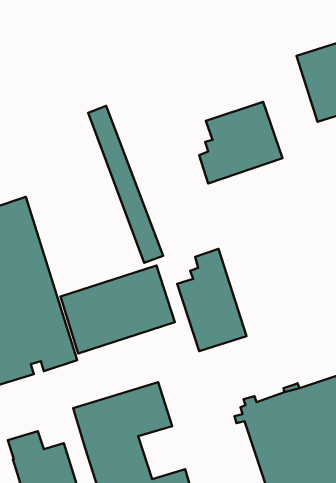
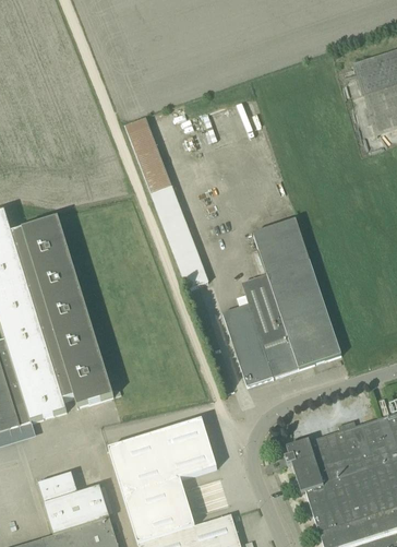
building: [199,102,282,183] -> none
building: none -> [253,219,341,370]
building: [61,266,175,353] -> none

